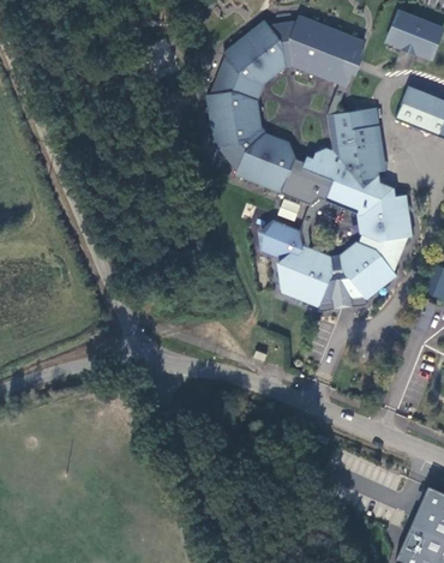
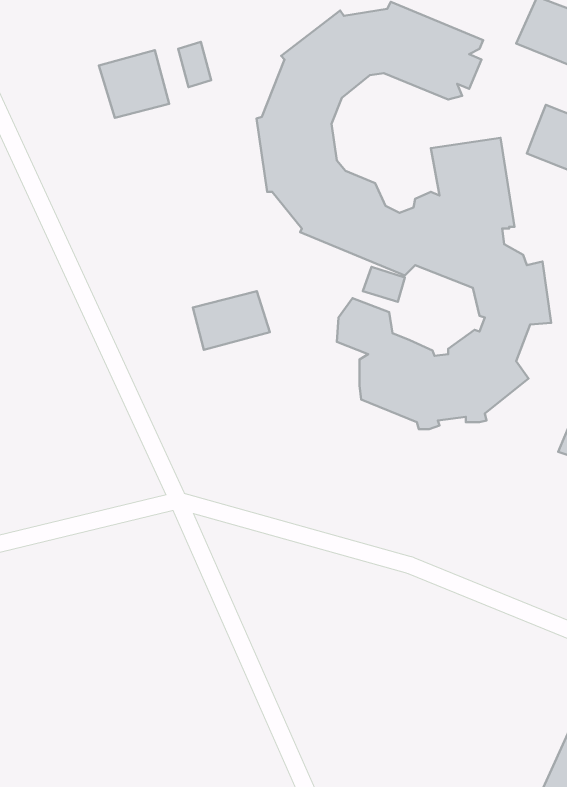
building: none -> [99,50,169,118]
building: none -> [193,291,270,350]

